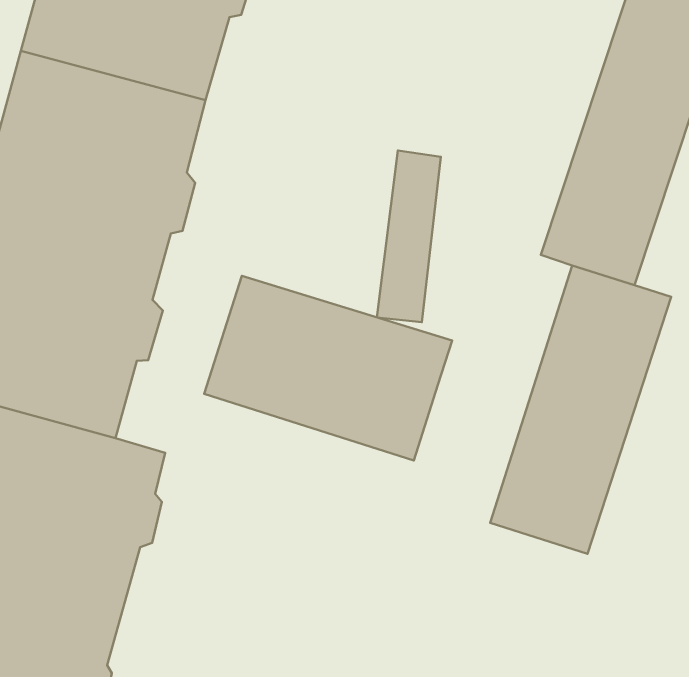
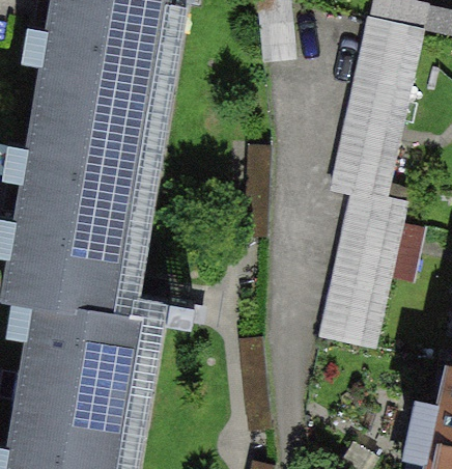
building: [204,276,452,460] -> none

